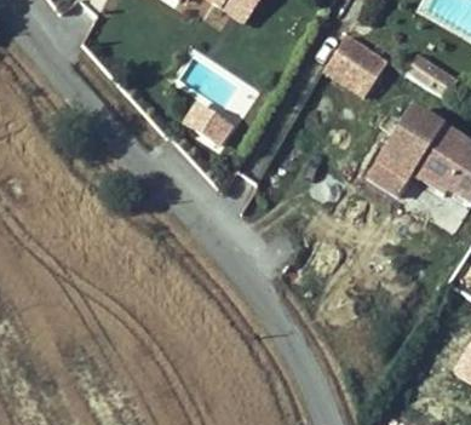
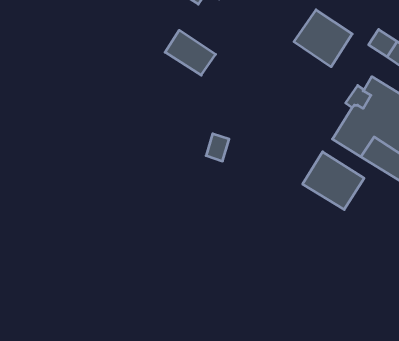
building: [179,94,235,144] -> [165,30,216,75]
building: none -> [303,152,364,210]

